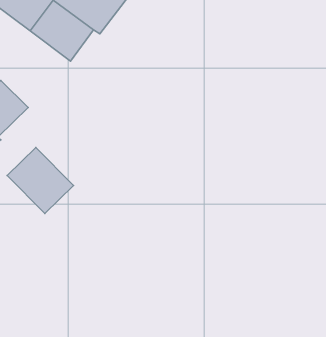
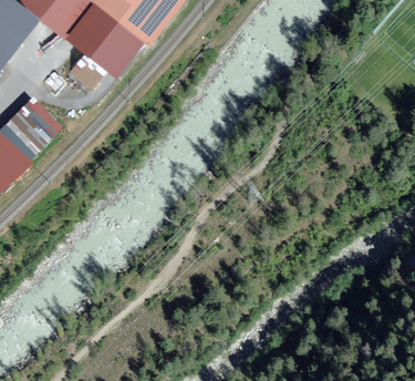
building: [7,148,73,213] -> none

